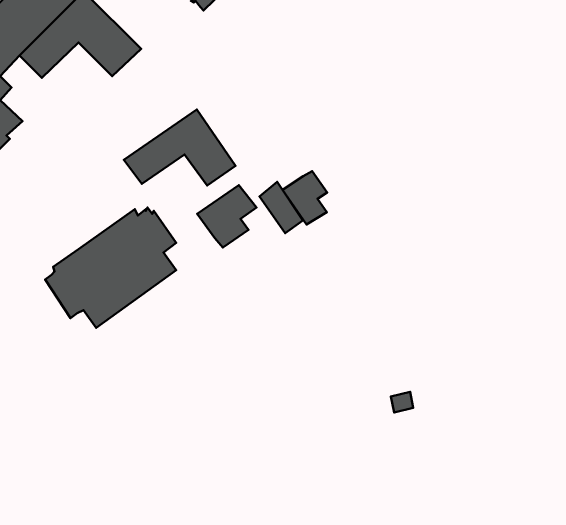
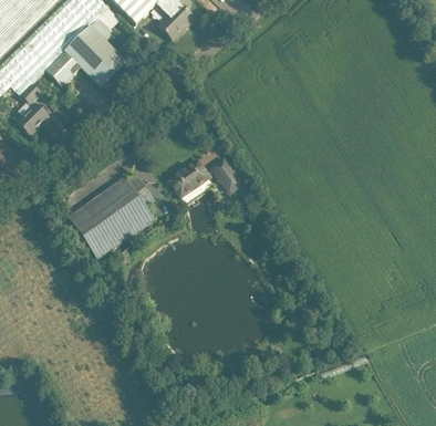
building: [124,109,236,185] -> none
building: [282,171,327,224] -> none

